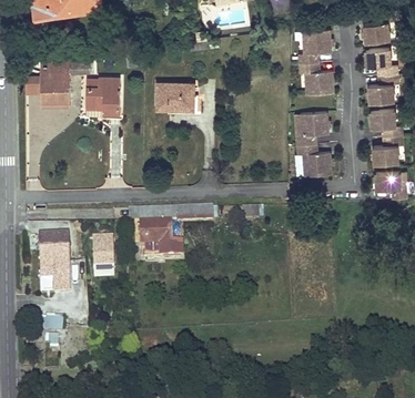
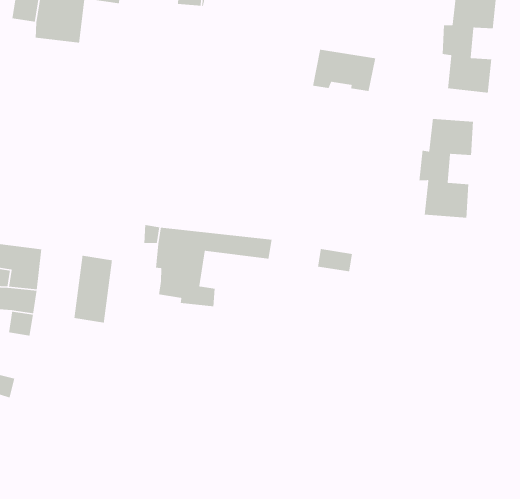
building: [85,78,120,114] -> none
building: [156,83,194,108] -> [312,49,376,92]

